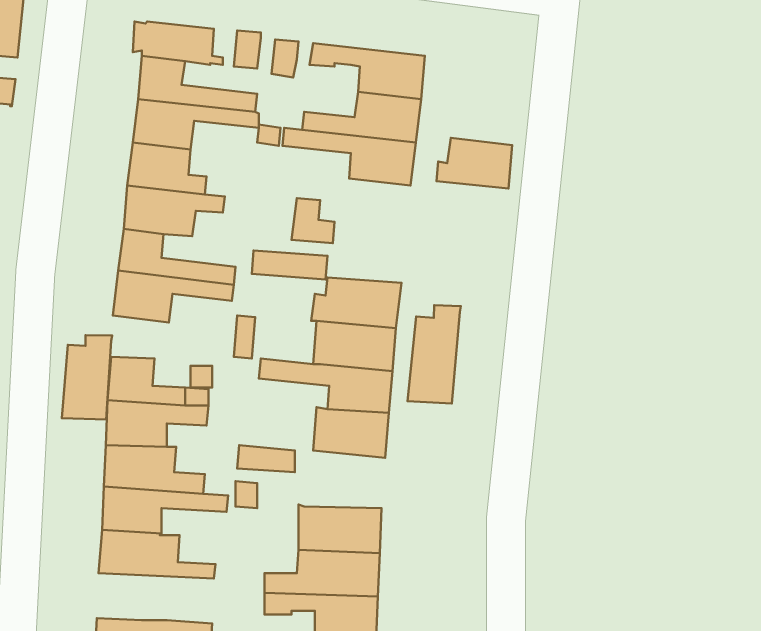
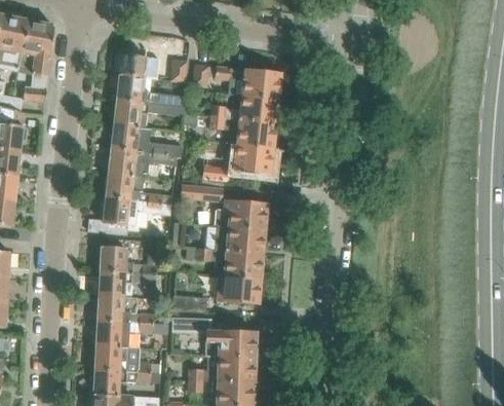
building: [436,138,512,188] -> [229,143,272,172]
building: [408,305,461,403] -> none
building: [62,335,112,420] -> none
building: none -> [93,368,160,395]

